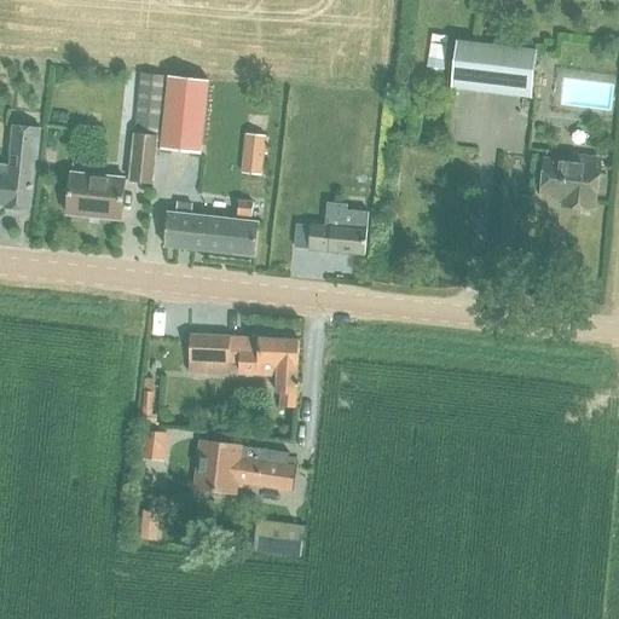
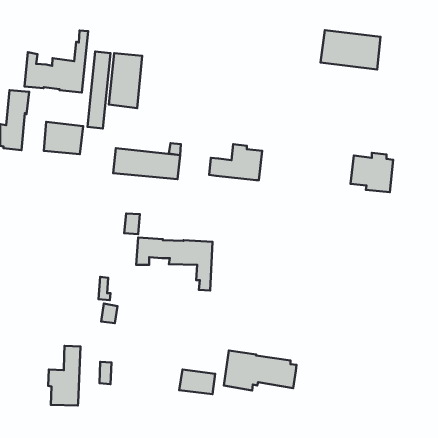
building: none -> [24,31,88,92]
building: [243,134,267,175] -> none
building: [540,155,601,210] -> [350,153,393,192]
building: [193,439,296,496] -> [224,350,297,391]
building: none -> [48,346,80,405]

